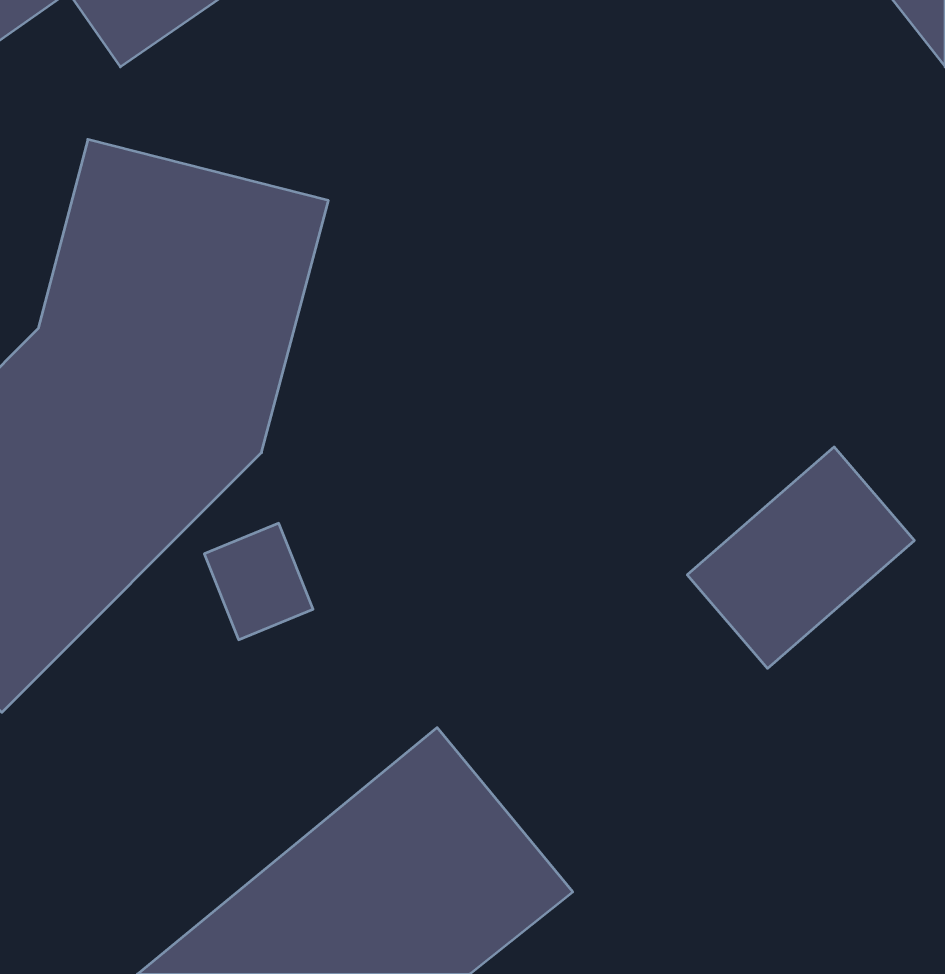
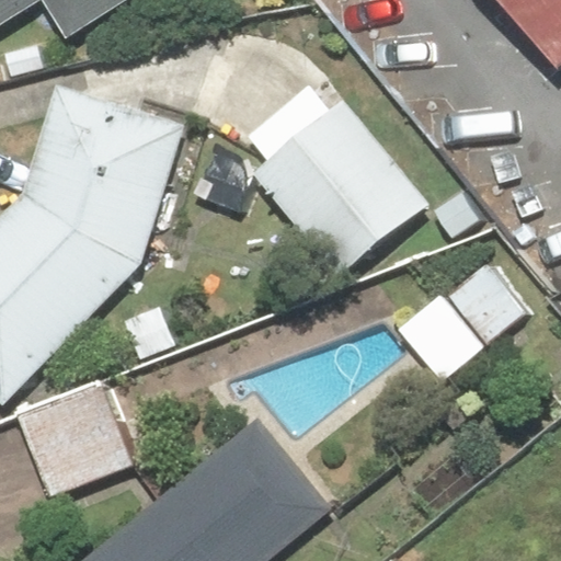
building: none -> [240,100,425,273]
building: none -> [18,387,131,501]

